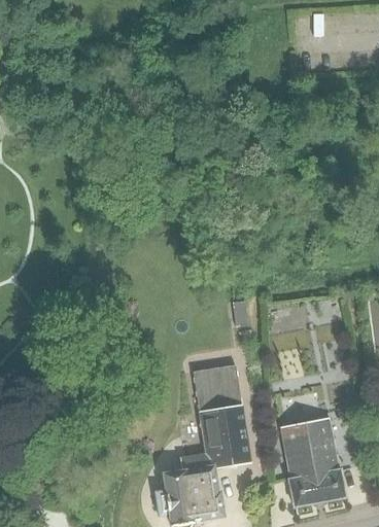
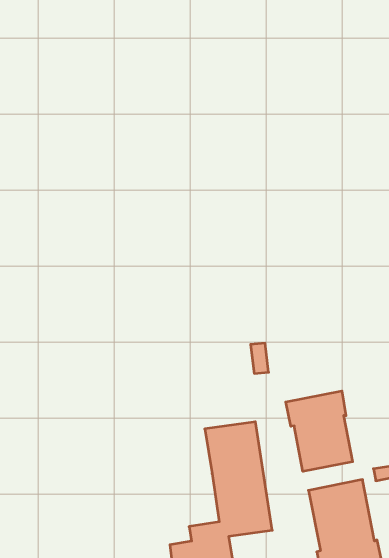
building: none -> [286,391,353,471]

